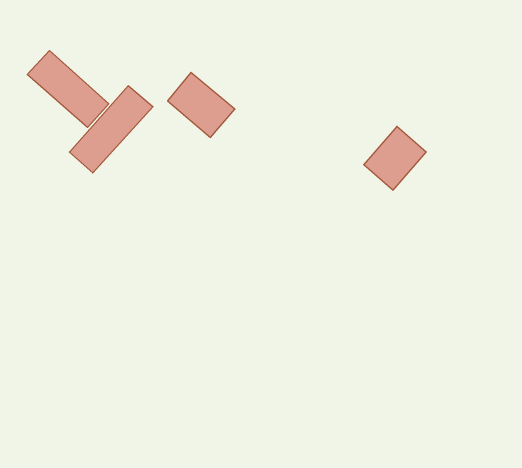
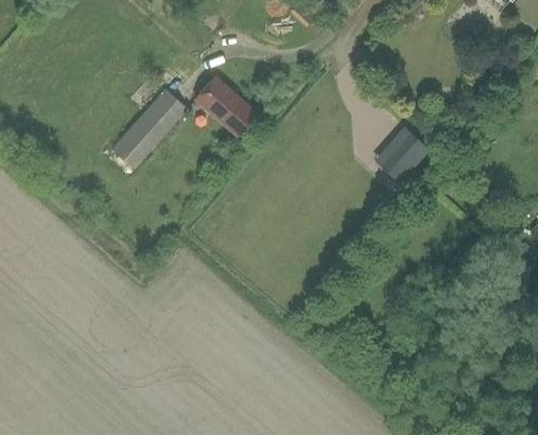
building: [27,51,109,127] -> none

